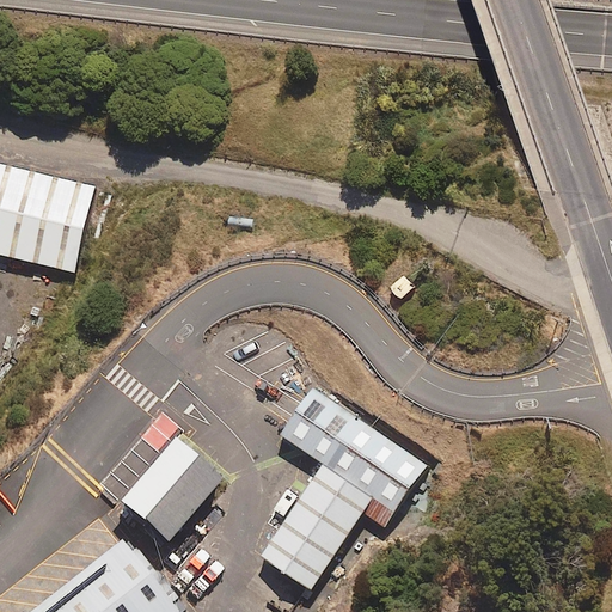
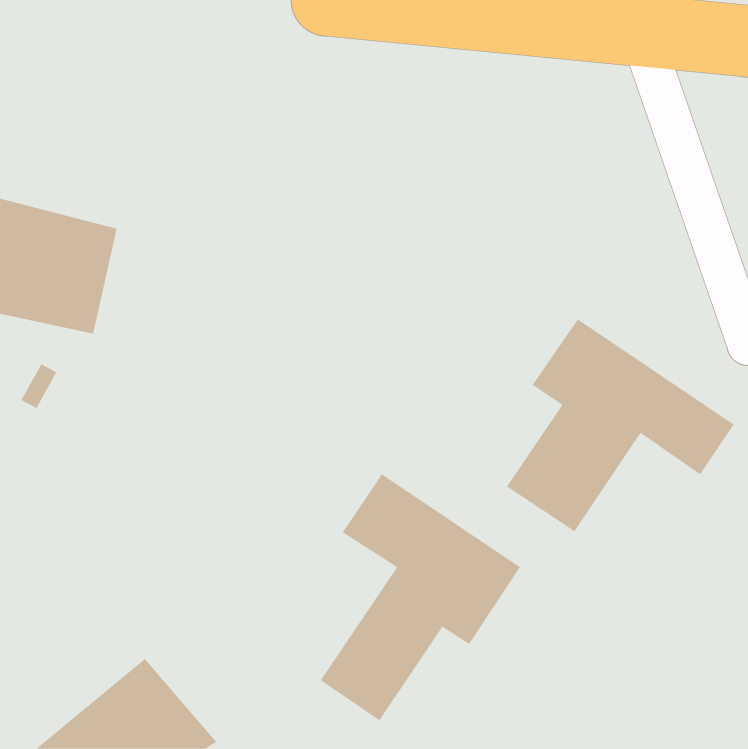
building: none -> [506,319,735,532]
building: [115,442,216,546] -> none

